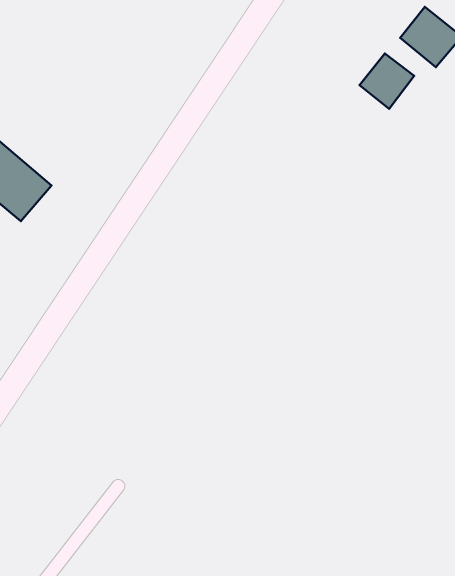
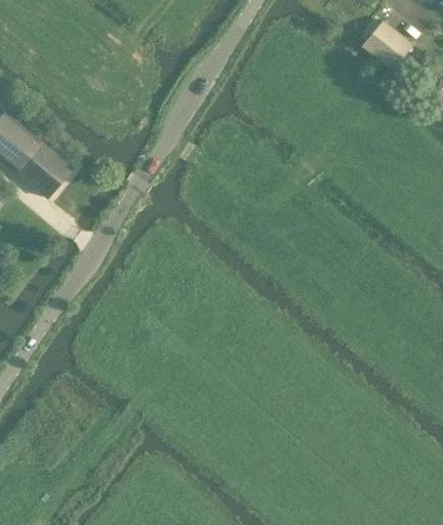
building: [360,53,414,109] -> none

